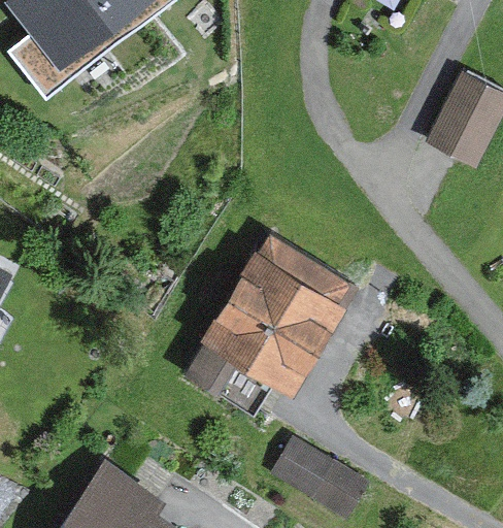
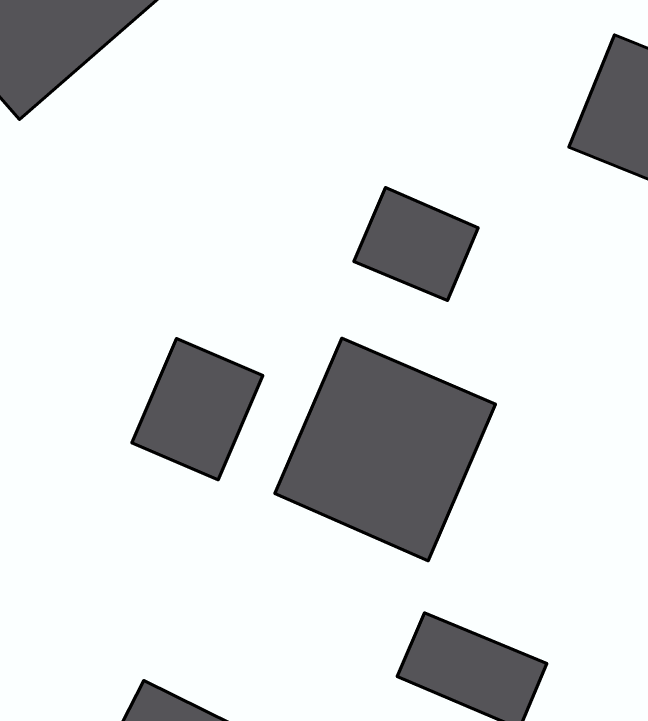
building: none -> [354,188,478,300]
building: none -> [132,338,263,480]

